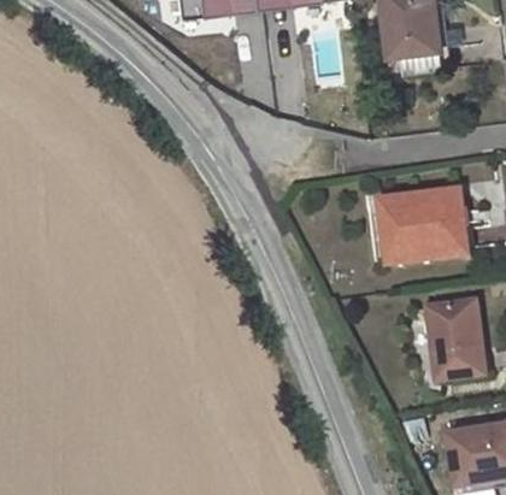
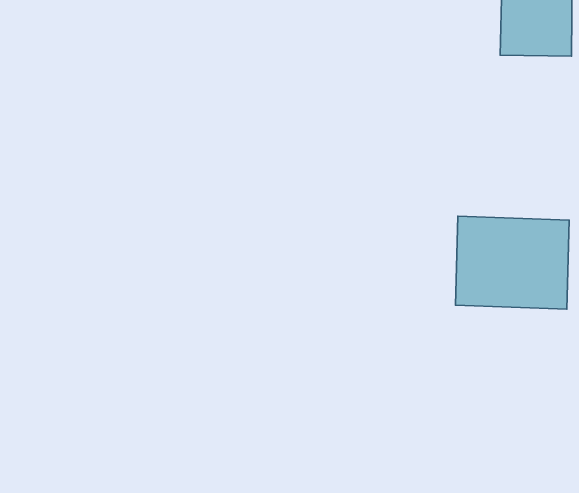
building: [424,296,484,377] -> none

